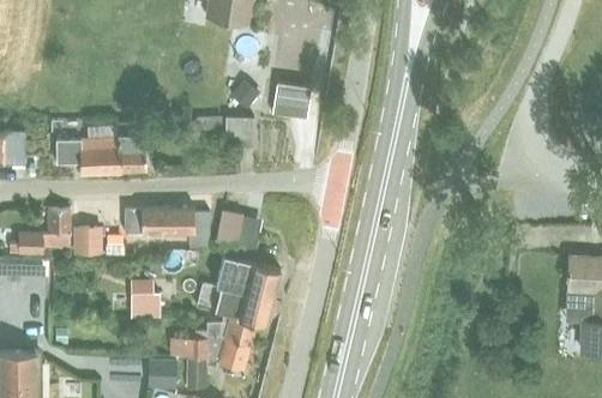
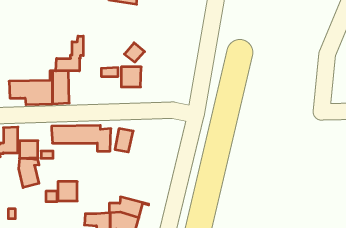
building: none -> [56,36,83,71]
building: [272,84,312,119] -> none
building: none -> [19,158,39,188]
building: [215,257,279,322] -> none

